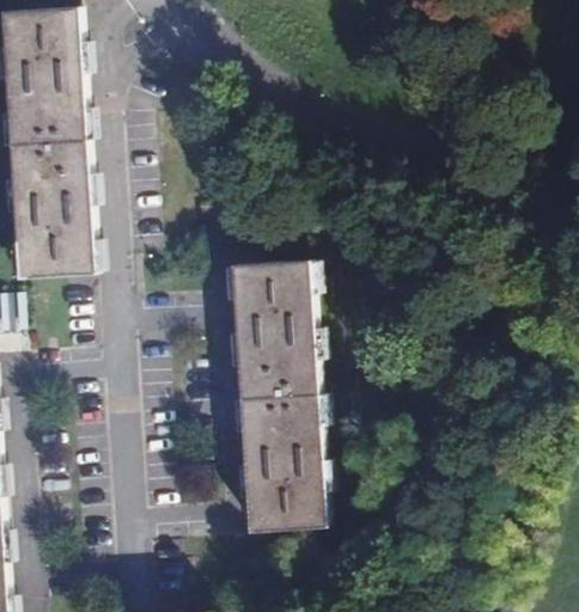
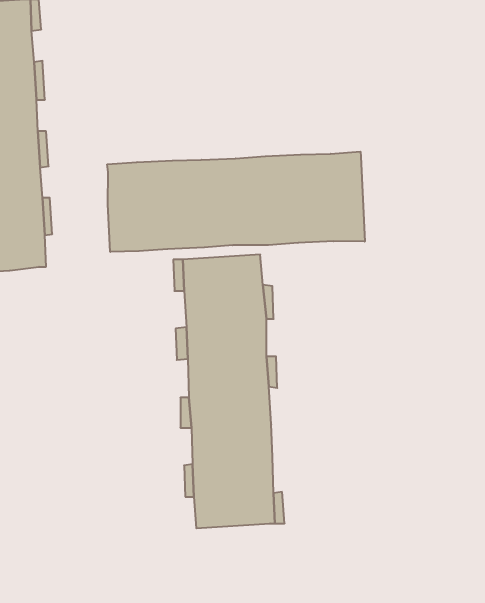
building: none -> [107,152,365,252]

